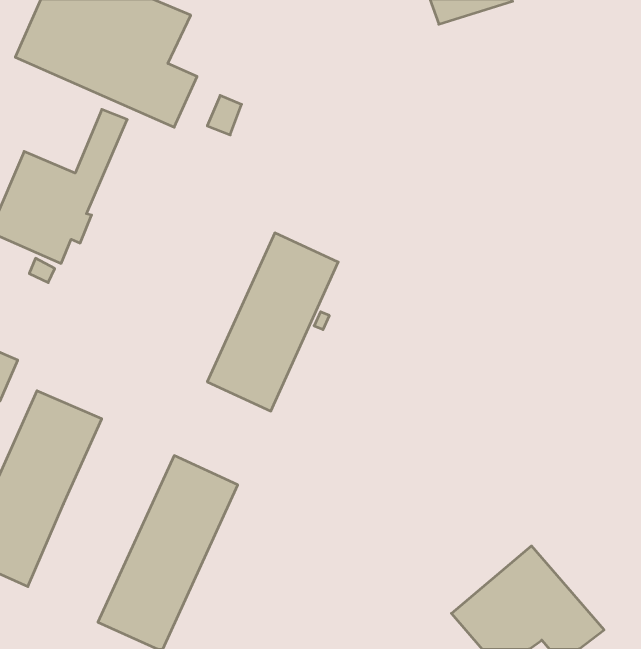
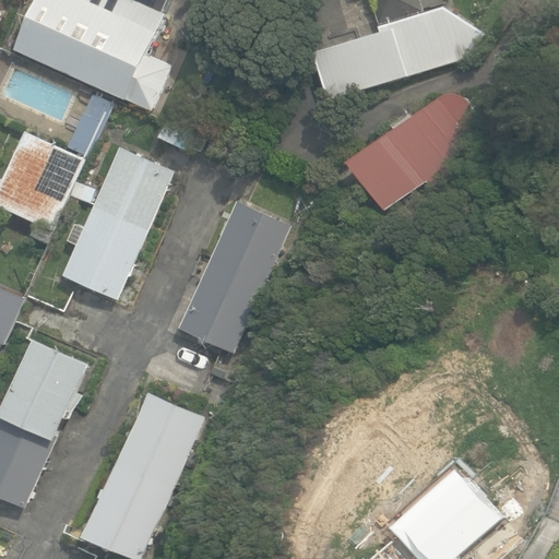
building: none -> [313,7,483,99]
building: none -> [349,94,473,210]
building: none -> [62,145,175,299]

